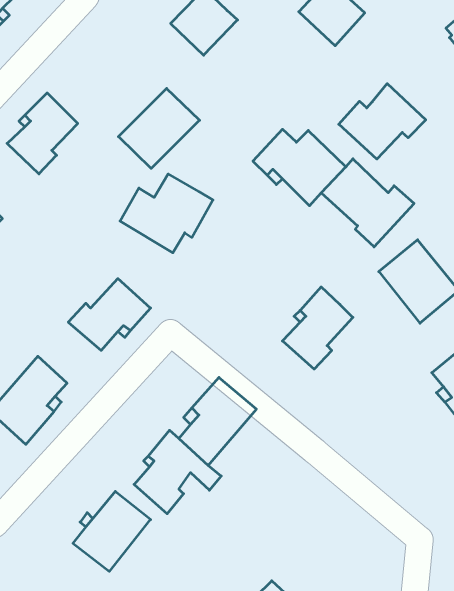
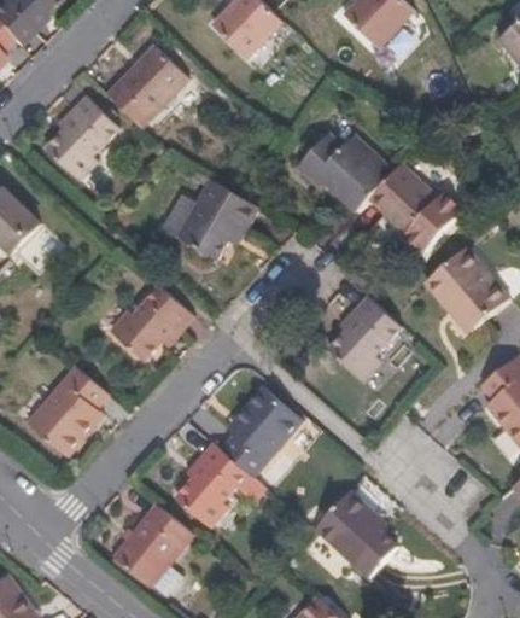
building: [339,84,426,159] -> none
building: [118,88,200,168] -> [106,45,189,127]
building: none -> [315,489,398,577]

